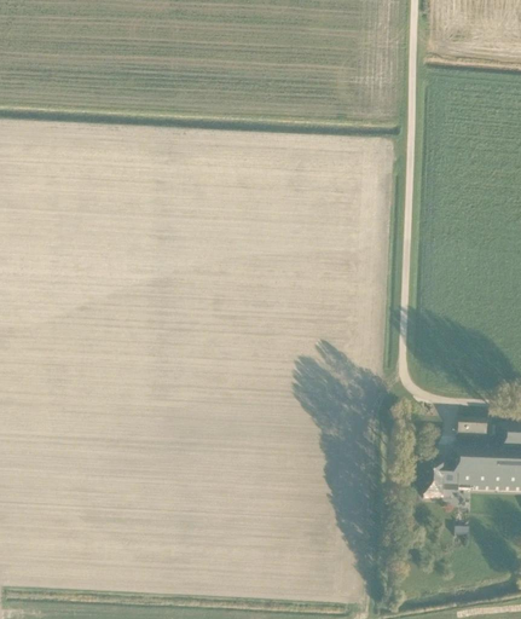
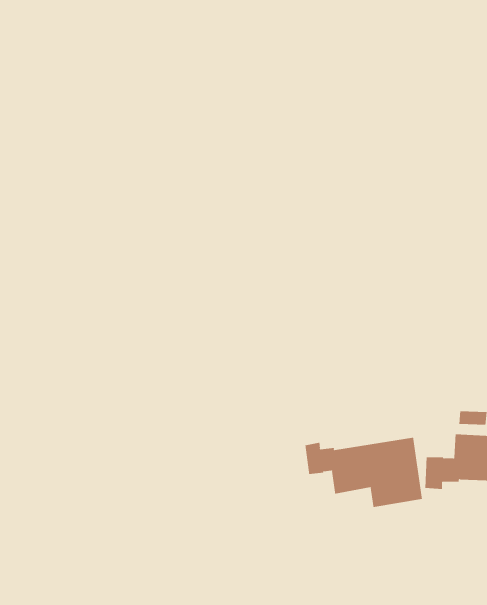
building: none -> [305,437,423,508]

